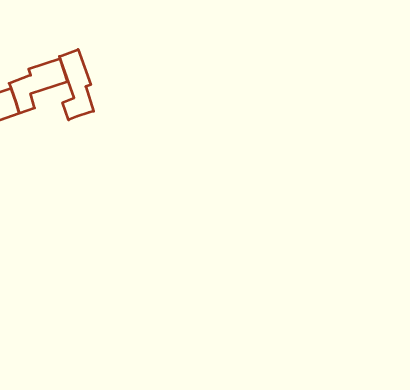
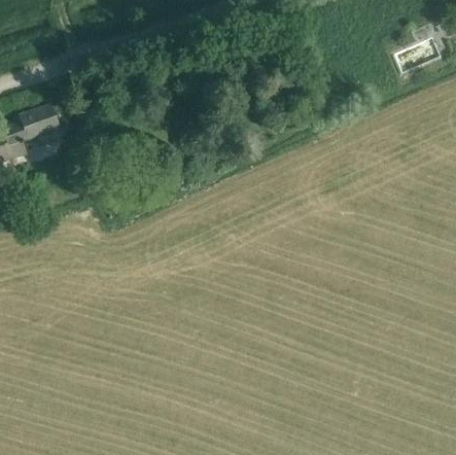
building: [59,49,94,120] -> none

